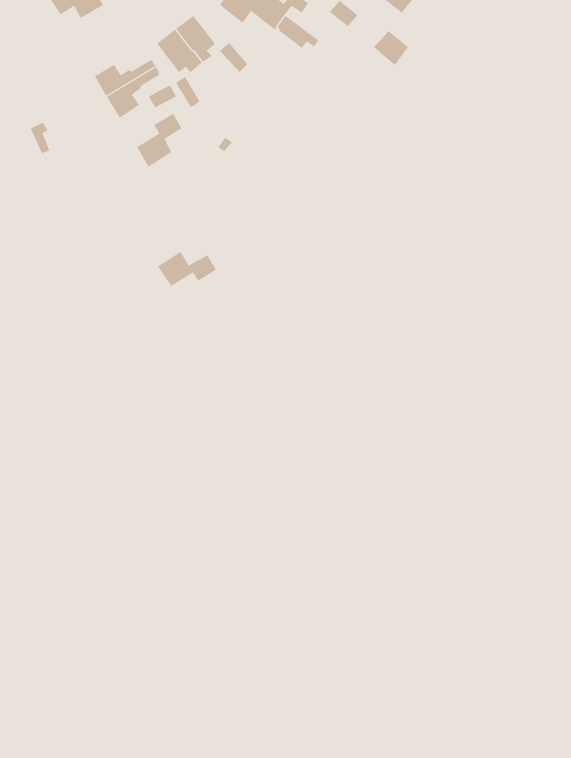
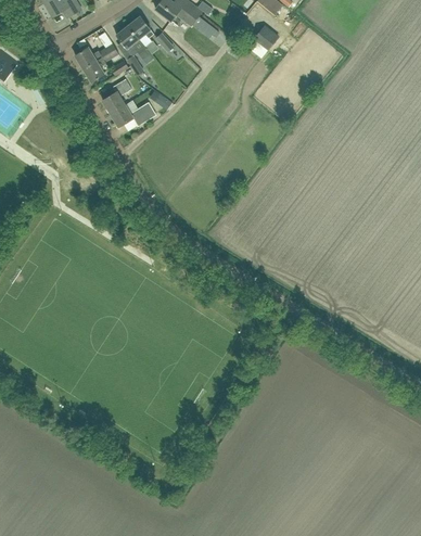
building: [157,251,216,287] -> [111,103,149,126]

